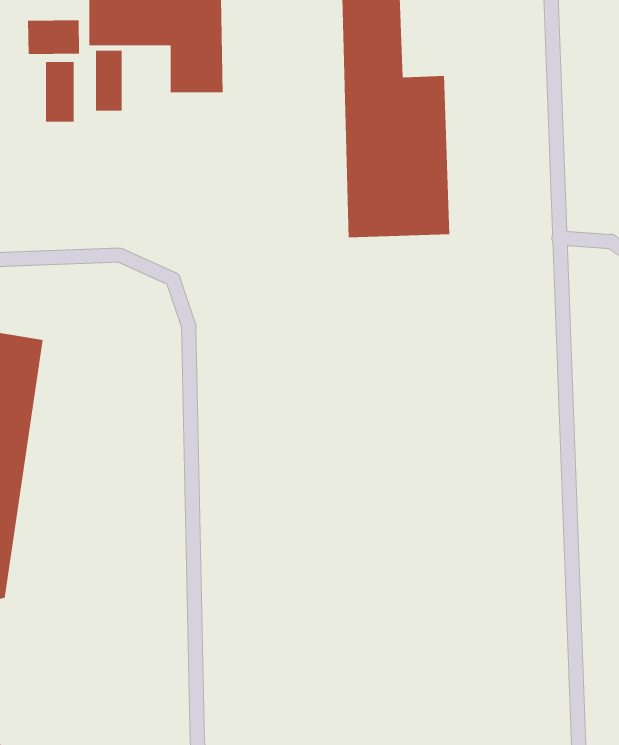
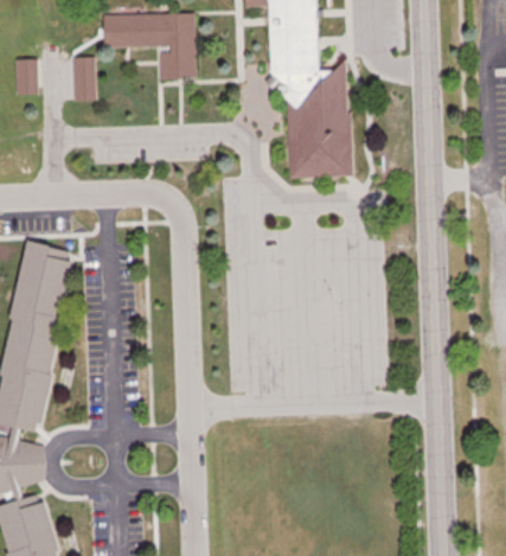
building: [28,19,80,55] -> none
building: [95,50,122,112] -> none

